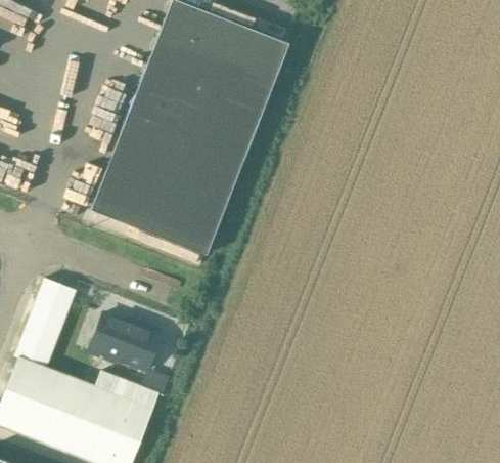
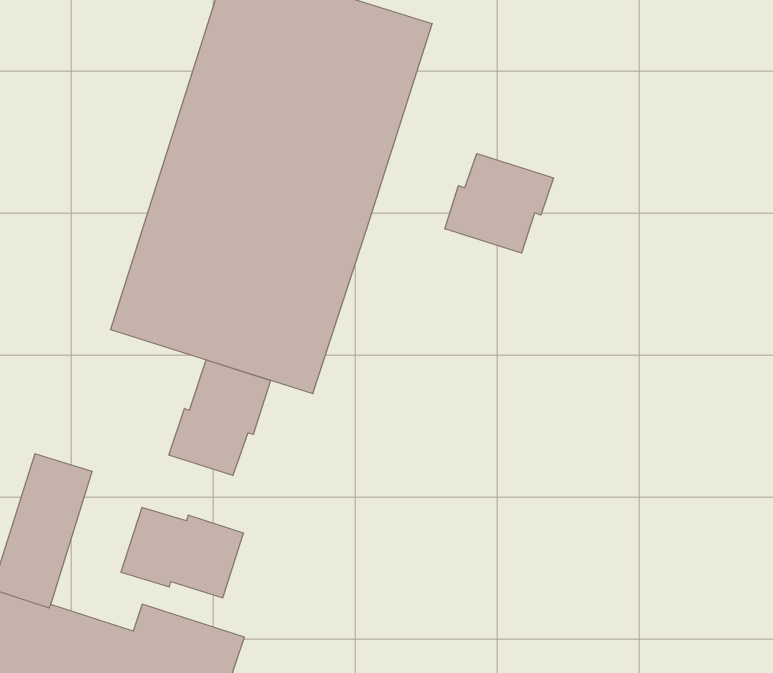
building: none -> [445,154,554,253]
building: none -> [169,360,271,476]

